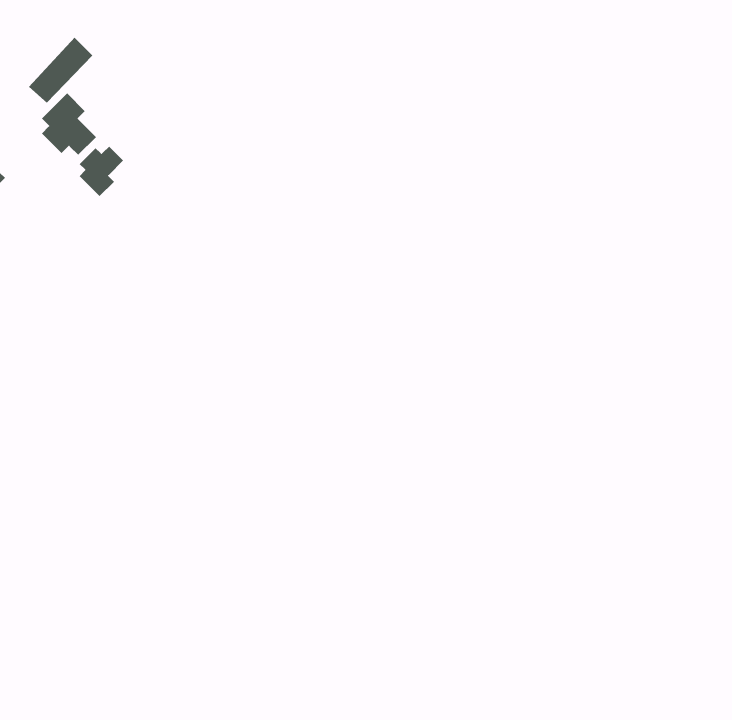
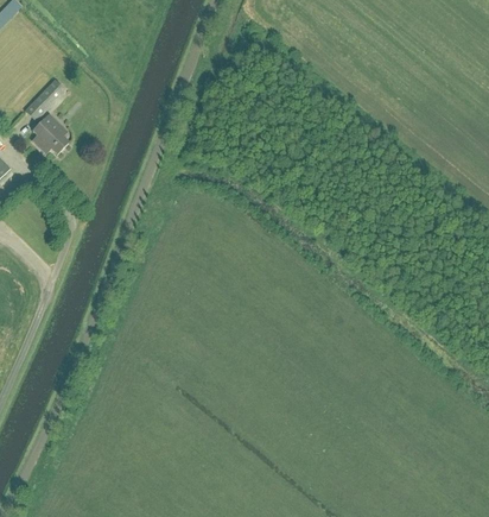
building: [79,146,124,197] -> none

